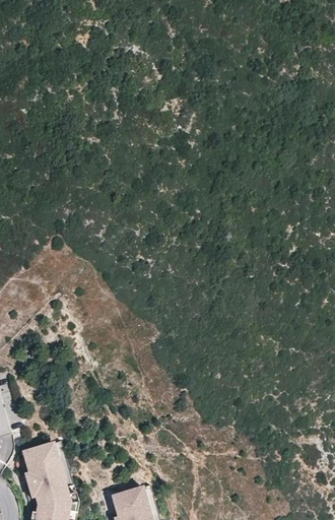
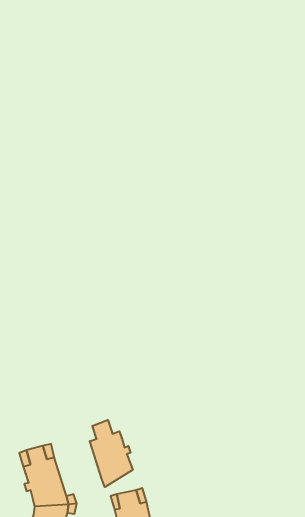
building: none -> [90,420,133,487]

